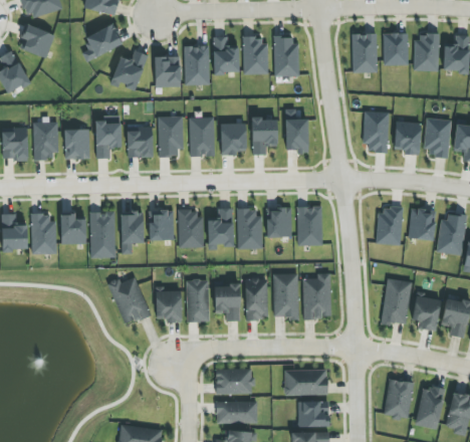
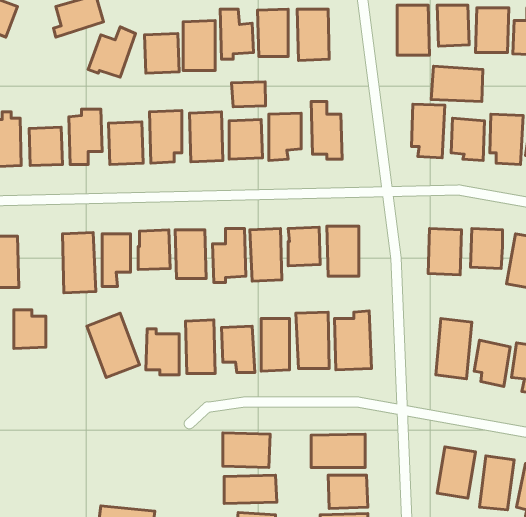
building: none -> [431,66,483,101]
building: none -> [231,82,266,107]
building: [60,214,85,244] -> [14,310,46,348]

